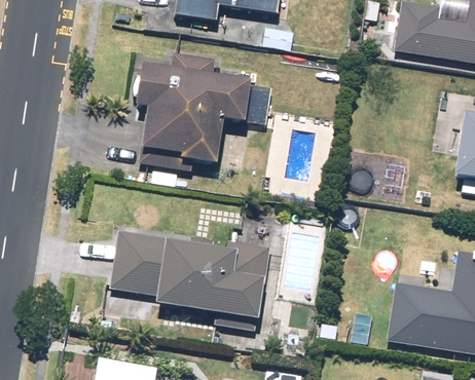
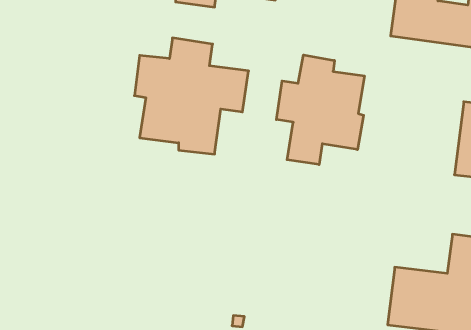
building: none -> [276,55,364,165]
building: [111,225,270,312] -> none

